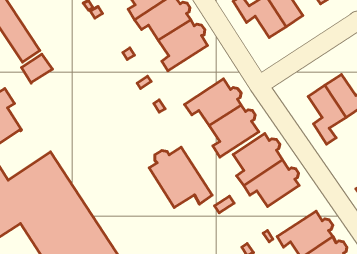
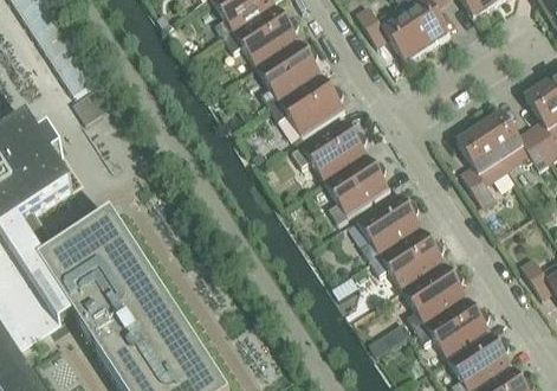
building: none -> [268,72,344,136]
building: [149,147,212,207] -> none
building: none -> [402,261,467,329]

